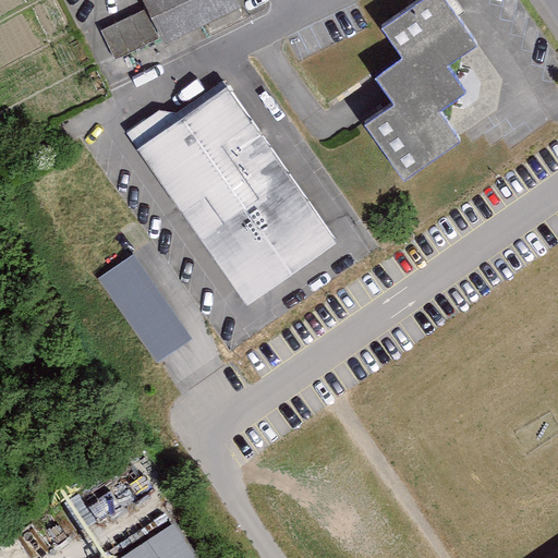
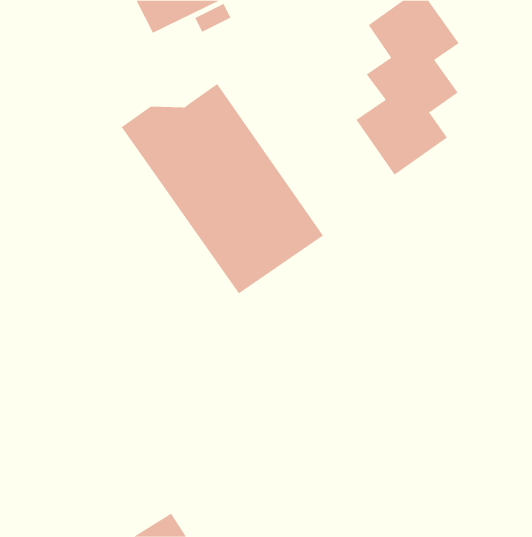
building: [95,5,154,57] -> none
building: [93,250,189,360] -> none

